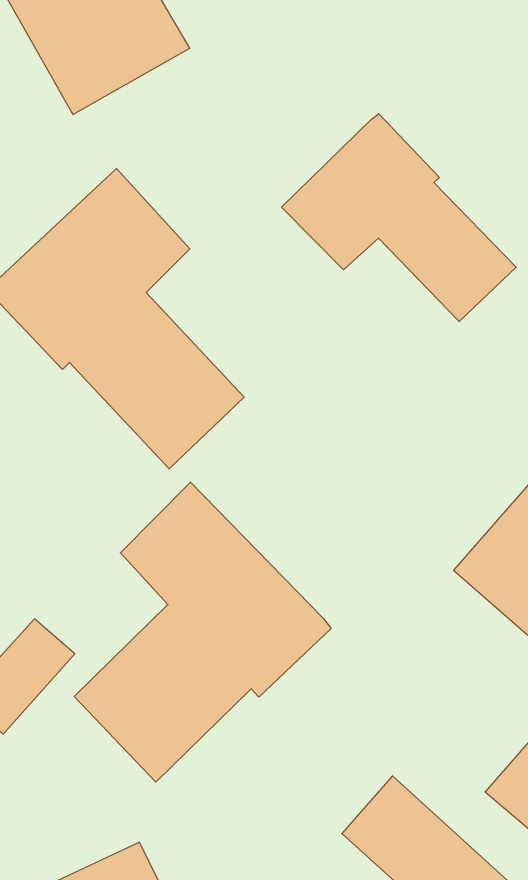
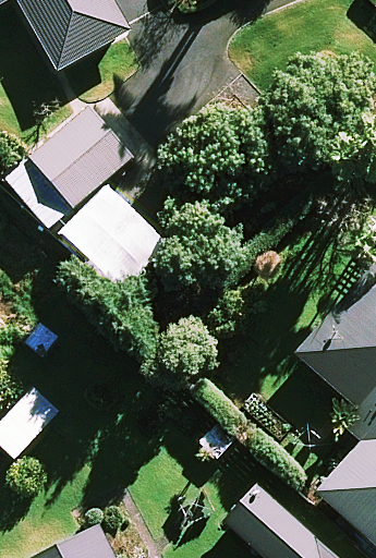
building: [282,114,516,322] -> none
building: [74,482,331,782] -> none

